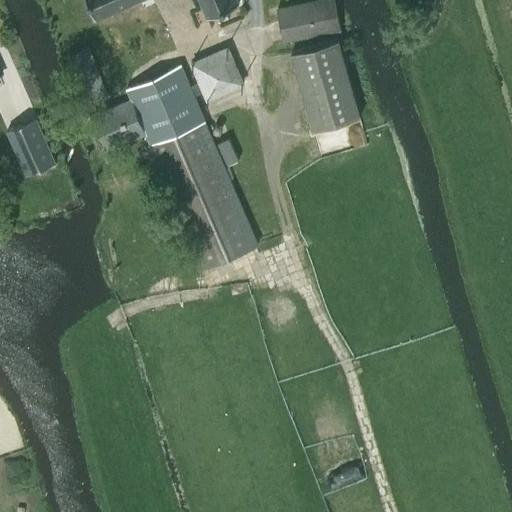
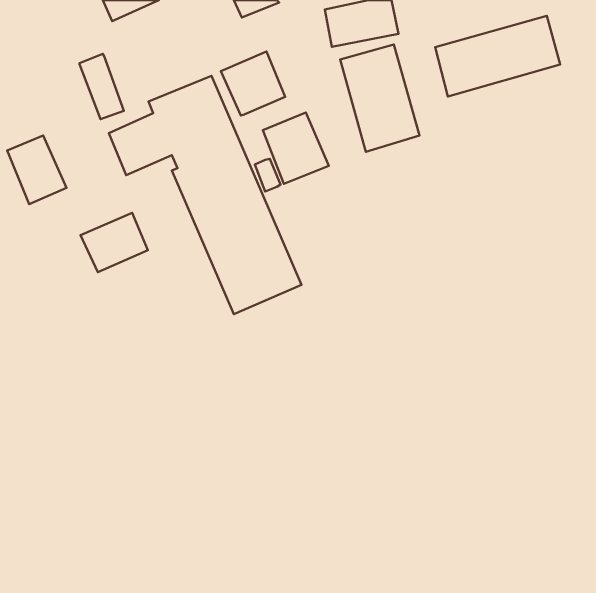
building: none -> [435,16,560,96]
building: none -> [263,112,329,184]
building: none -> [80,213,148,272]

